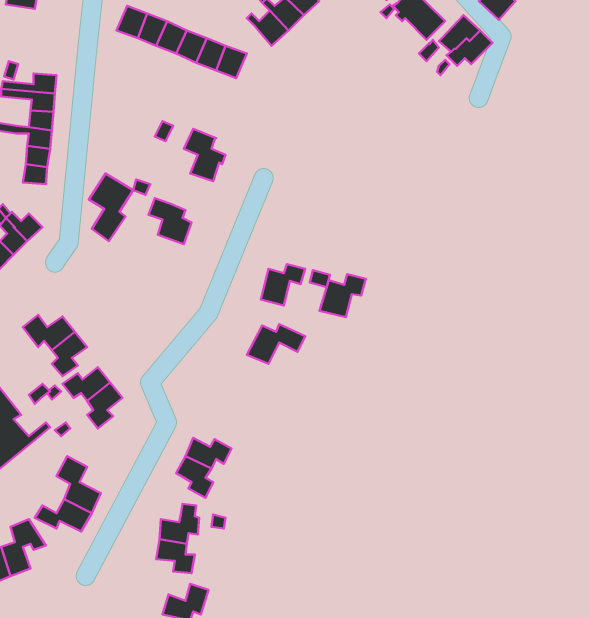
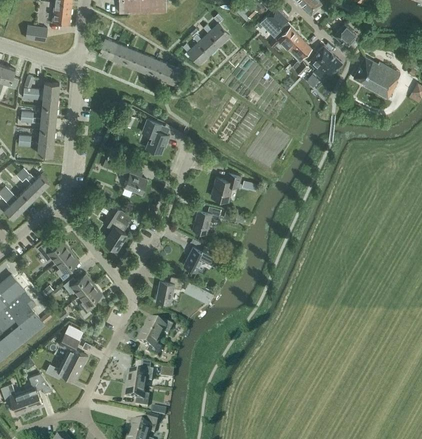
building: none -> [353,57,400,99]
building: [89,173,133,241] -> [103,206,132,250]
building: [320,274,366,317] -> [211,173,241,201]
building: none -> [156,277,183,304]

